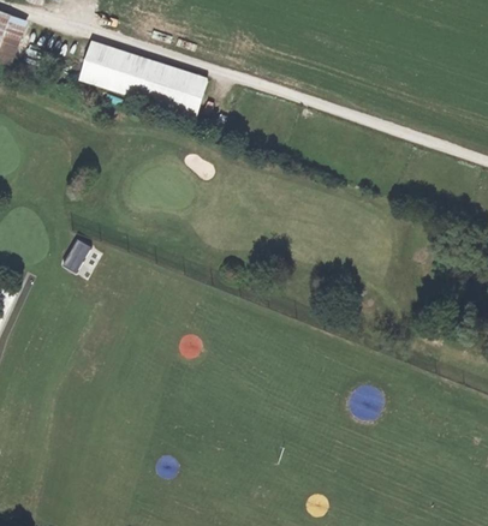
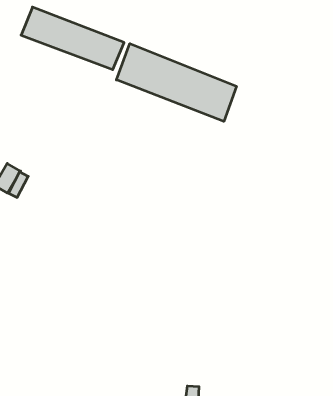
building: none -> [116,44,236,121]

